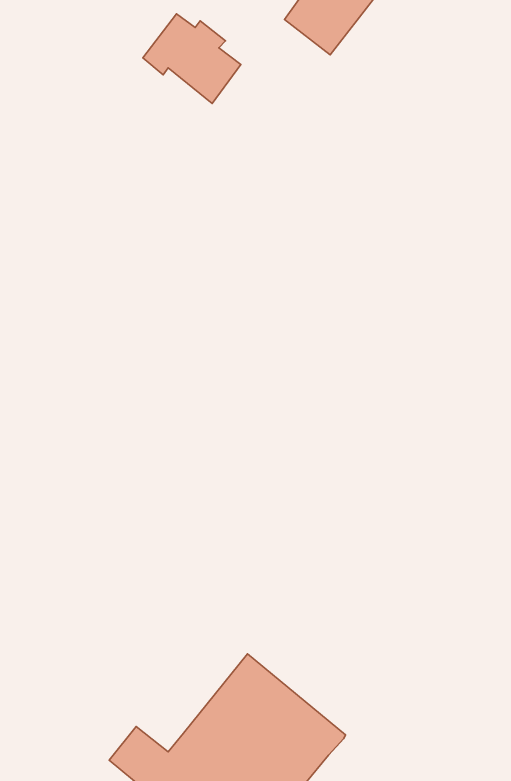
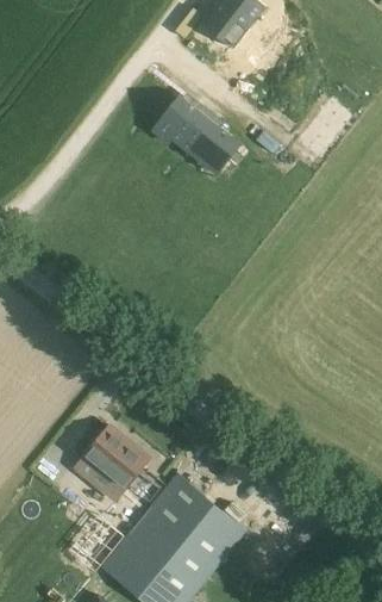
building: [143,14,241,103] -> [161,100,230,163]
building: none -> [75,426,150,489]

